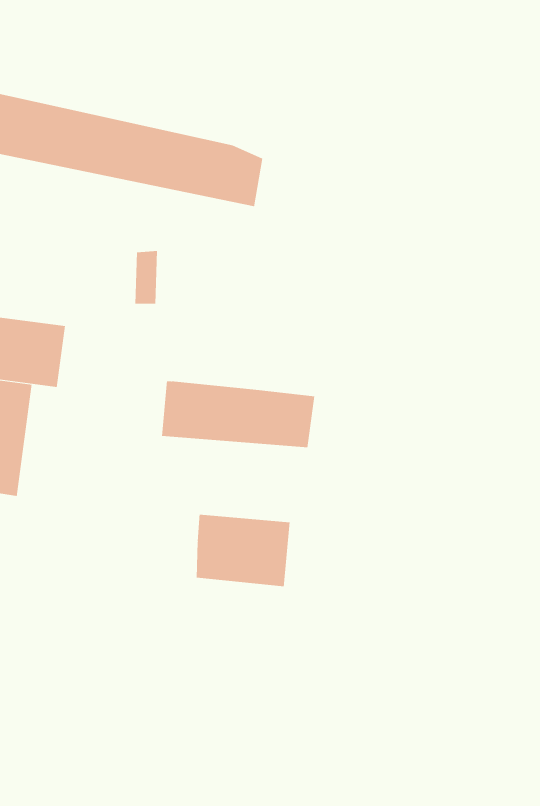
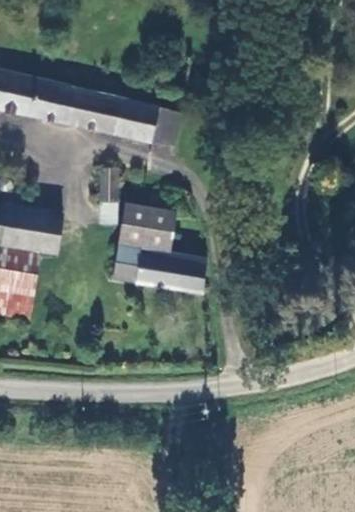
building: none -> [122,202,177,253]
building: [196,514,290,587] -> none

